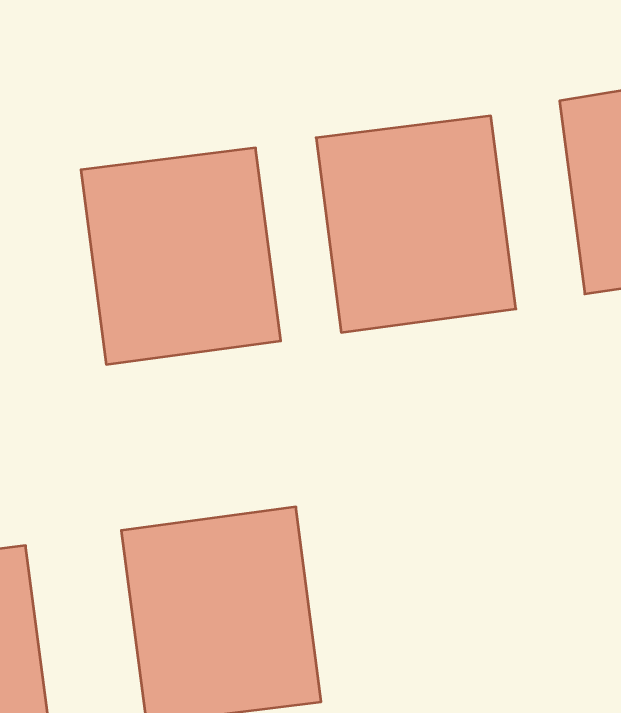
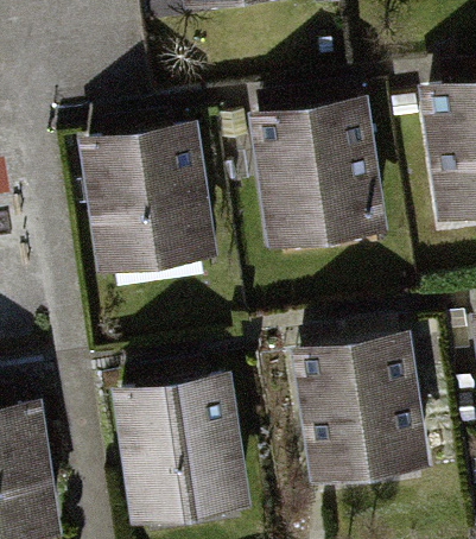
building: none -> [286,335,427,488]

